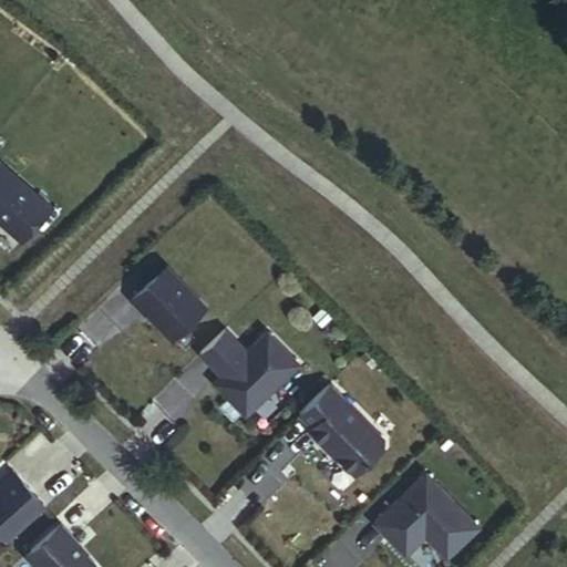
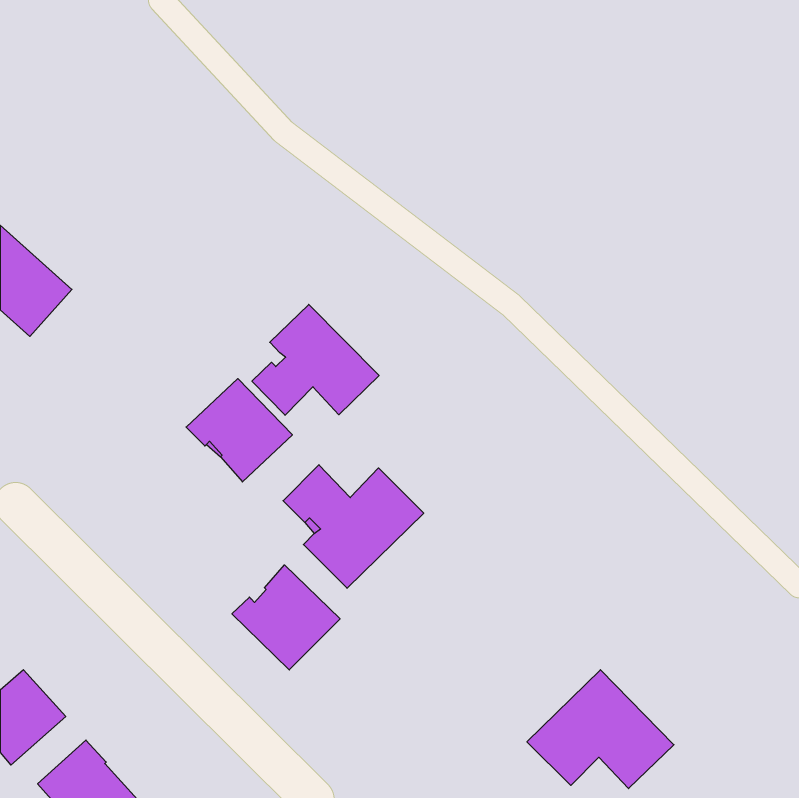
building: none -> [252,304,379,415]
building: [299,385,382,476] -> none
building: none -> [232,565,340,670]

